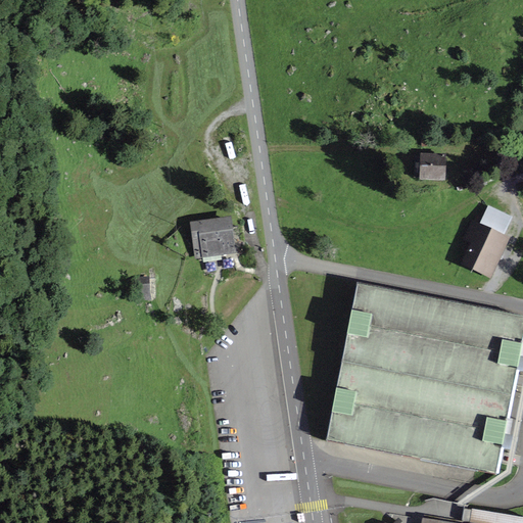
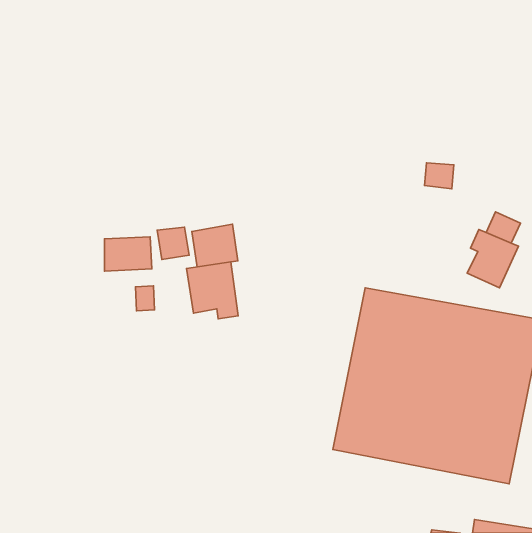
building: none -> [157,227,189,260]
building: none -> [104,237,152,271]
building: none -> [187,262,238,319]

